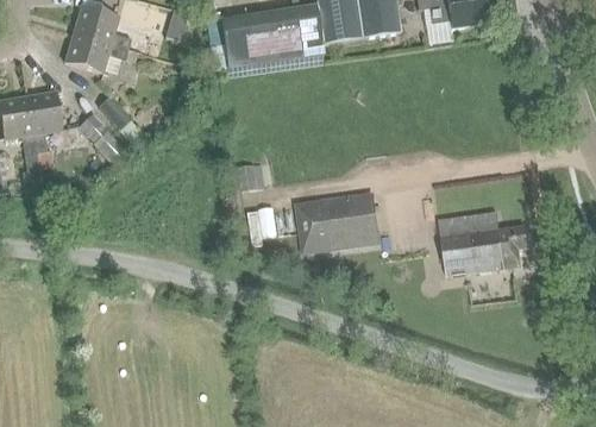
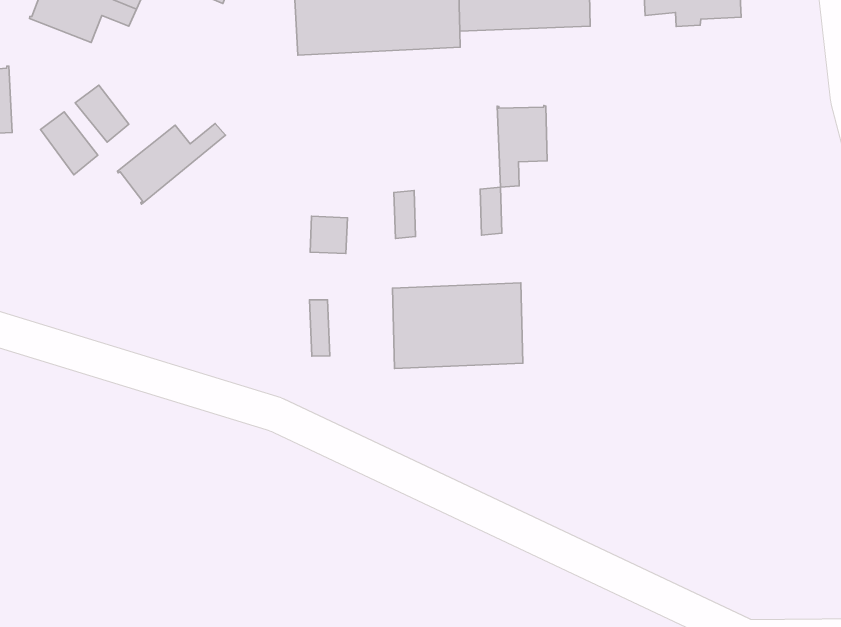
building: none -> [497,106,547,187]
building: none -> [118,124,226,204]
building: [438,211,527,275] -> none

